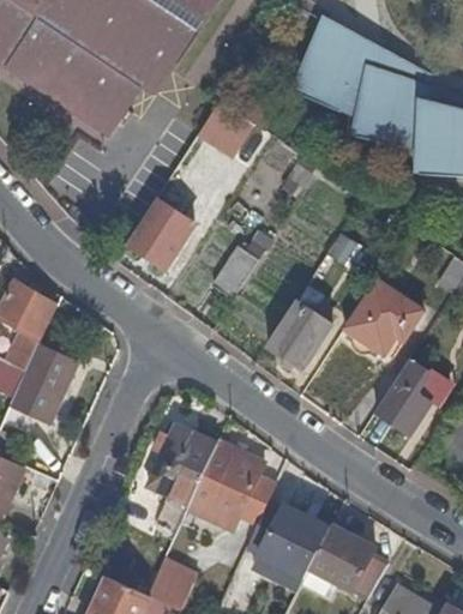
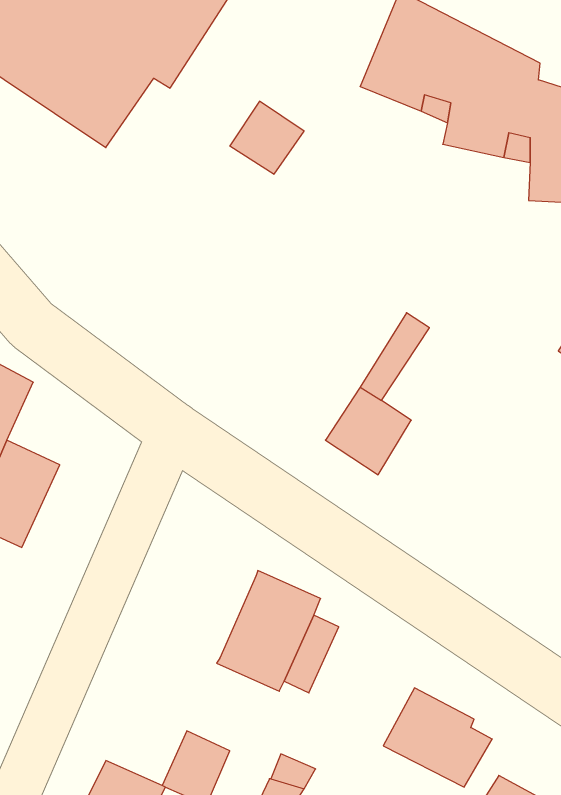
building: [127,199,193,267] -> none
building: [212,247,258,300] -> none
building: [344,279,423,355] -> none
building: [375,359,432,435] -> none
building: [149,426,217,505] -> none
building: [254,500,333,579] -> none

